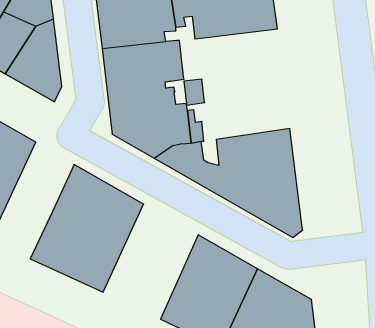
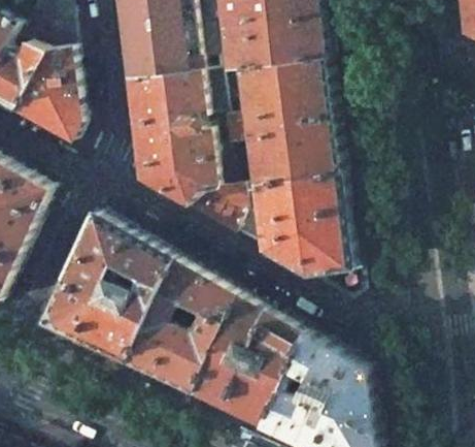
building: none -> [211,59,338,186]
building: none -> [124,260,233,392]

